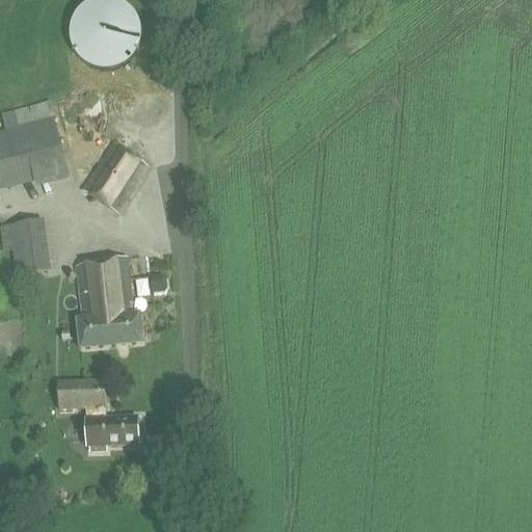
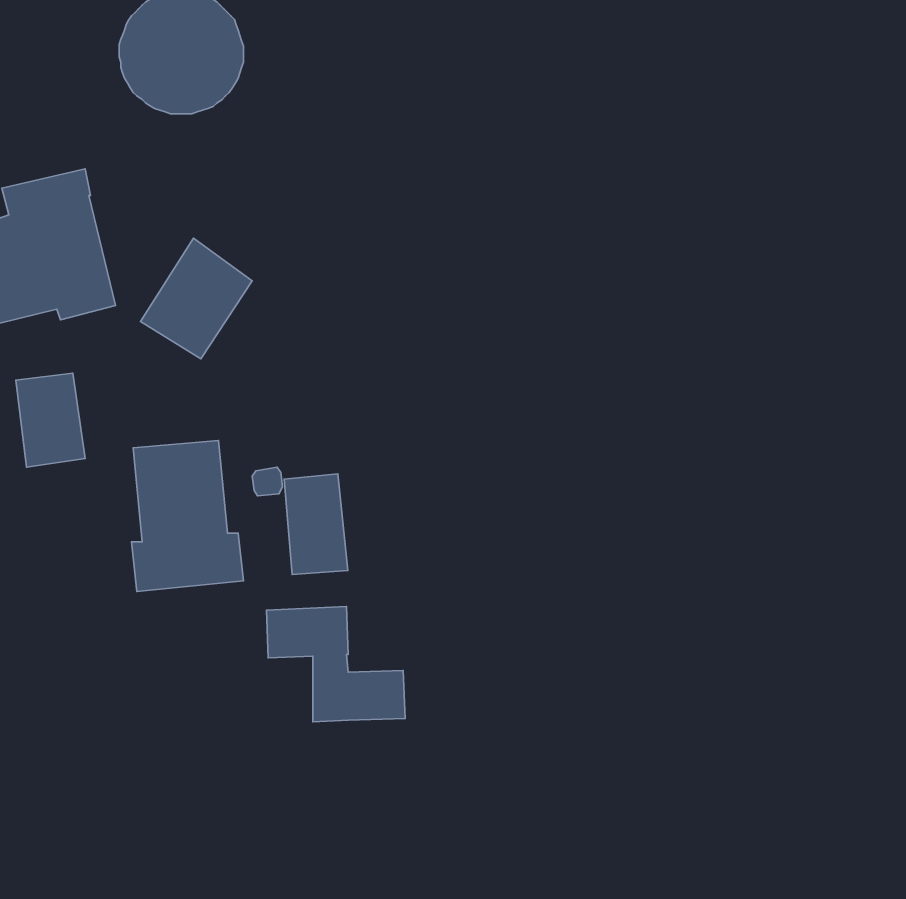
building: none -> [284,474,348,574]
building: [57,377,138,445] -> [267,606,405,722]

